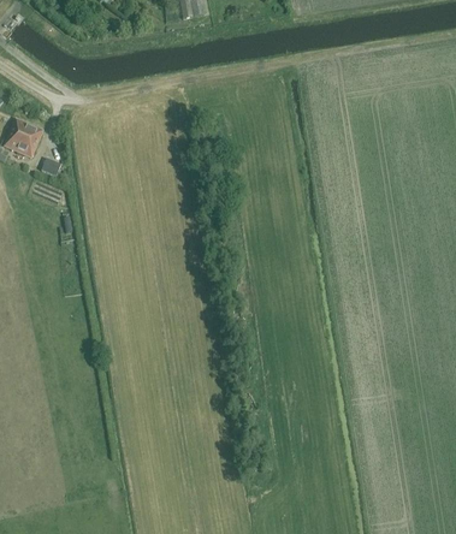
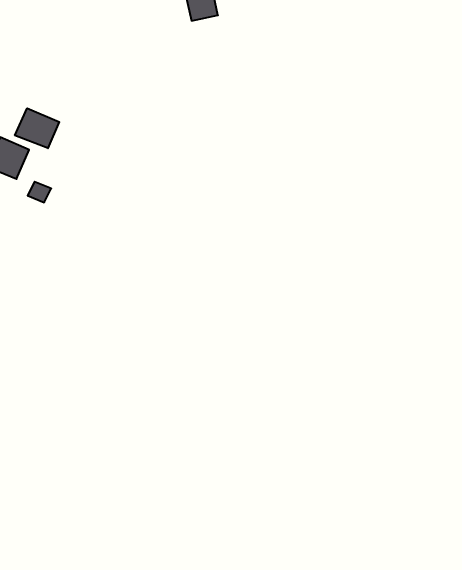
building: none -> [15,108,59,148]

